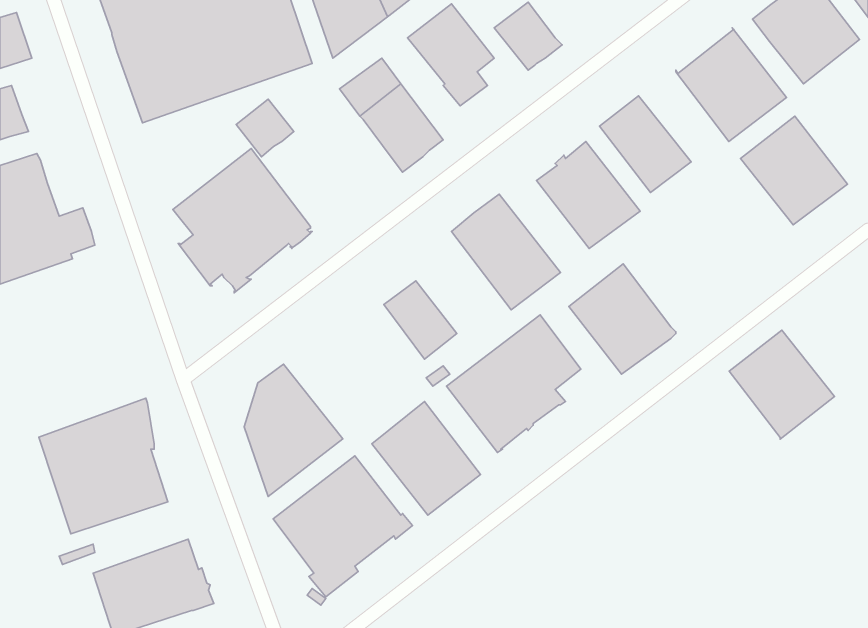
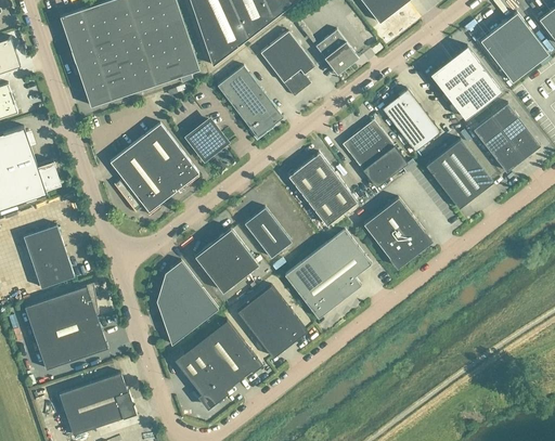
building: [236,99,294,157] -> [189,121,225,158]
building: none -> [23,224,75,288]
building: none -> [195,229,259,293]
building: [729,330,835,439] -> [426,140,493,209]

